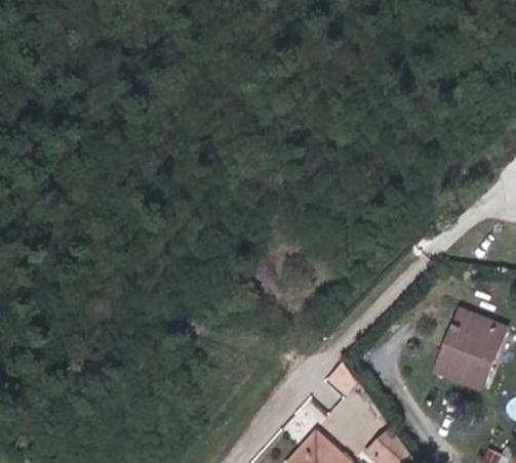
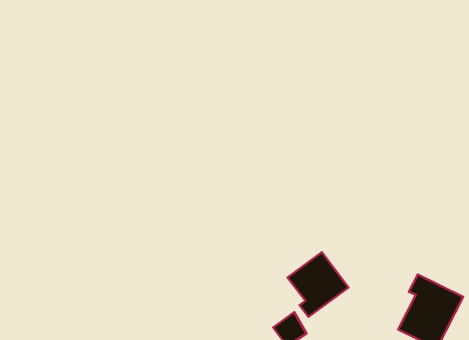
building: none -> [288,252,349,317]

